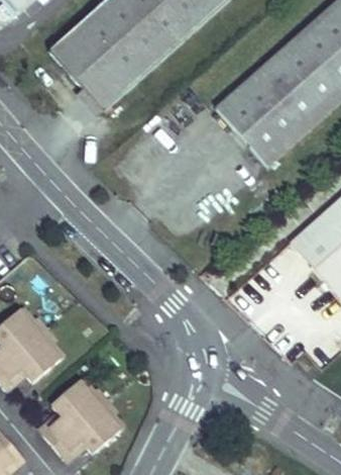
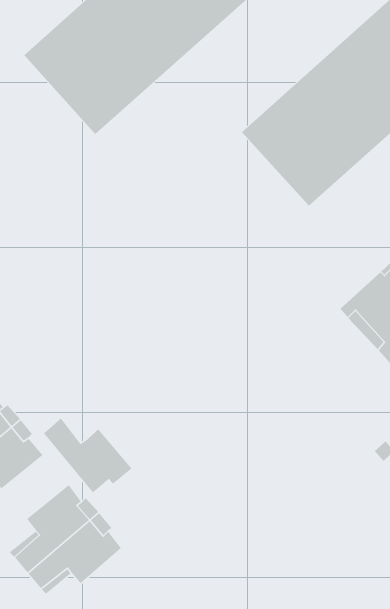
building: none -> [43,417,133,493]

